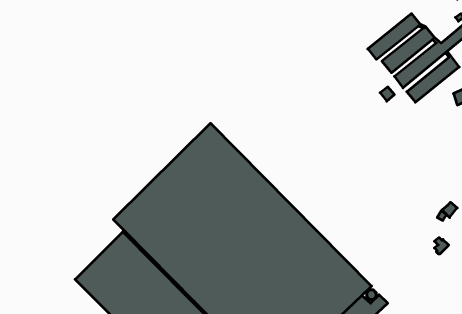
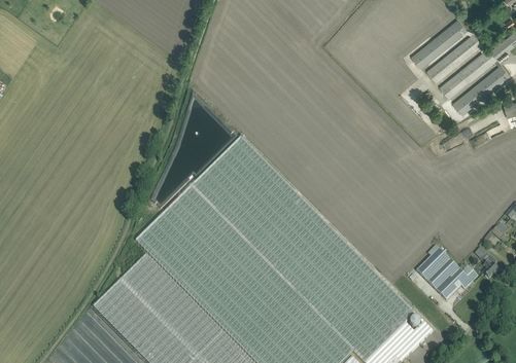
building: none -> [416,249,477,300]

